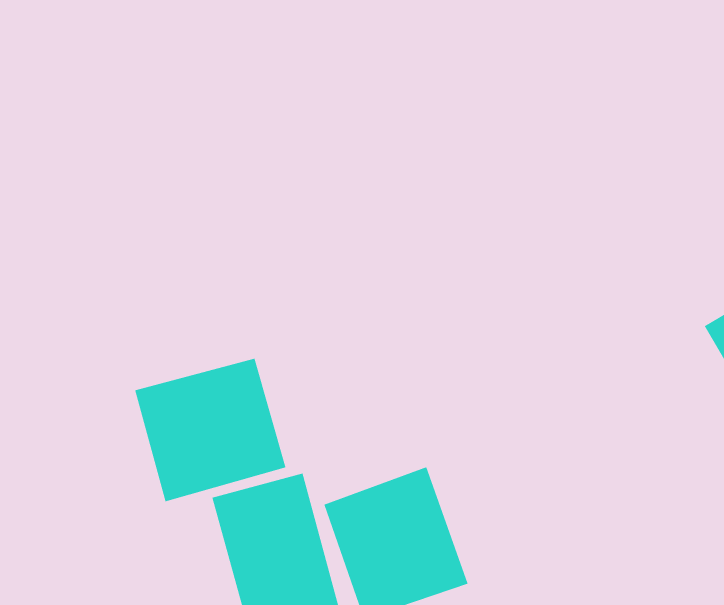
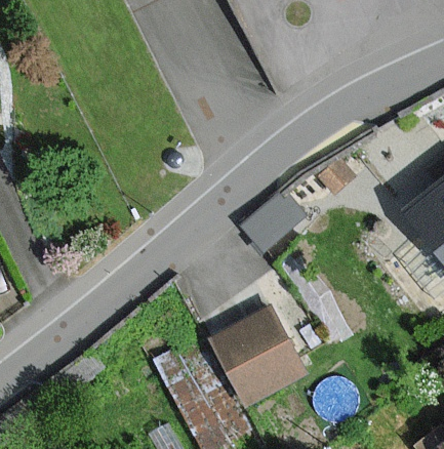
building: [134,358,286,502] -> none

